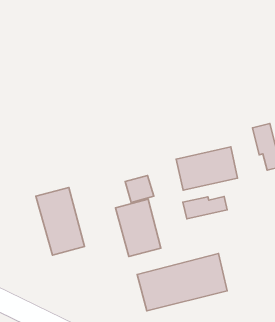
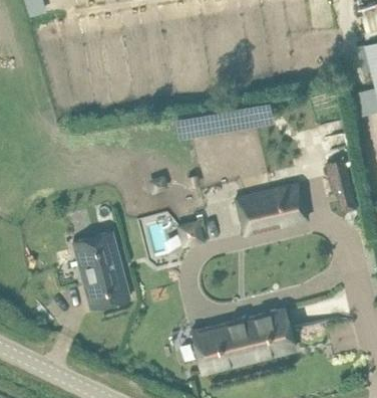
building: [183,197,227,219] -> none
building: [116,199,161,257] -> none

